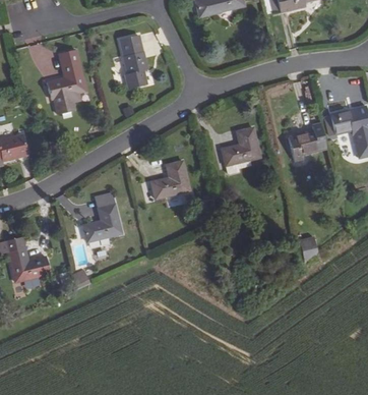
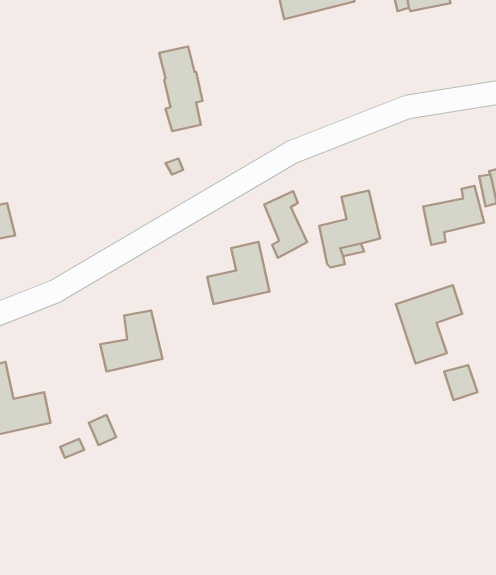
building: [45,49,85,114] -> none
building: none -> [264,191,307,258]
building: none -> [396,285,462,363]

